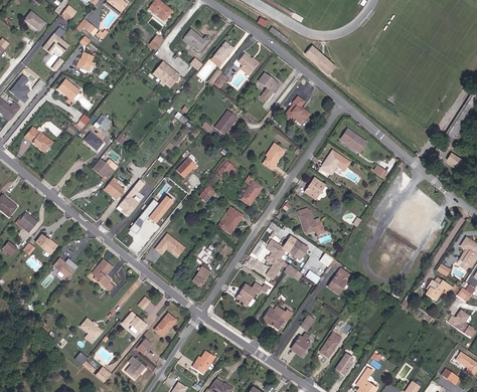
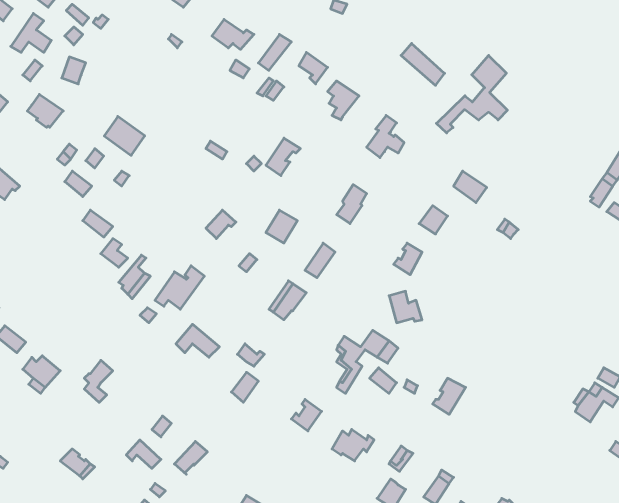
building: none -> [436,55,507,133]
building: [155,61,182,87] -> [104,116,145,155]

